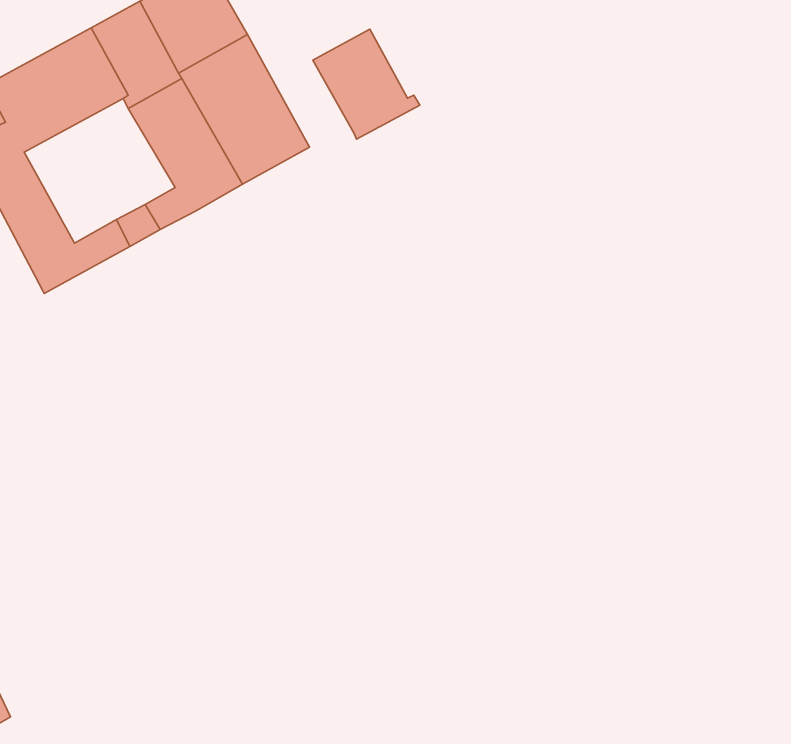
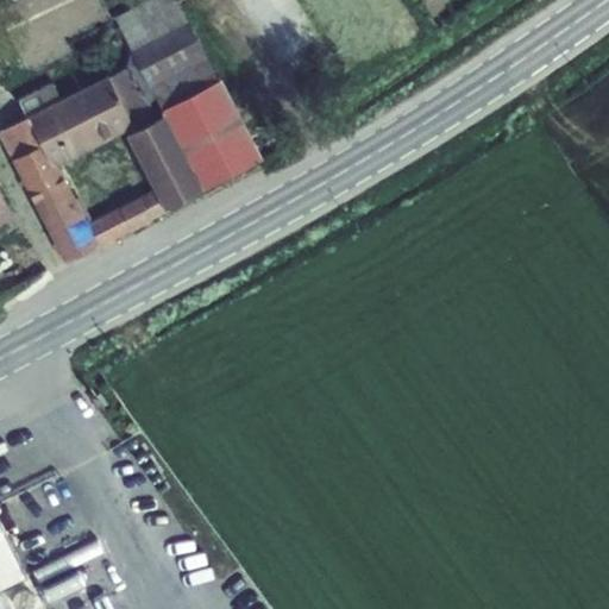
building: [313,29,420,139] -> none

